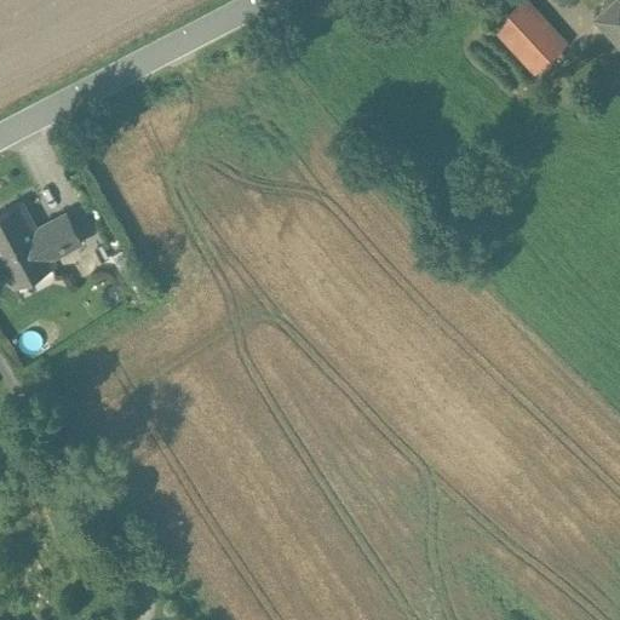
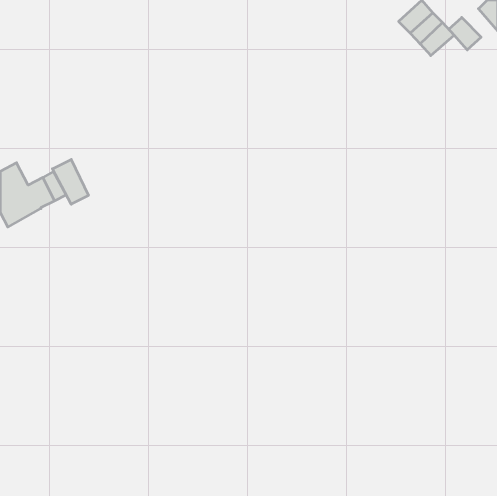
building: none -> [449,17,481,50]
building: none -> [52,159,88,204]

